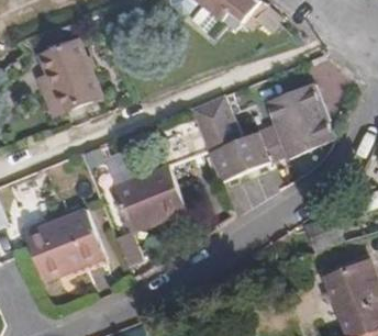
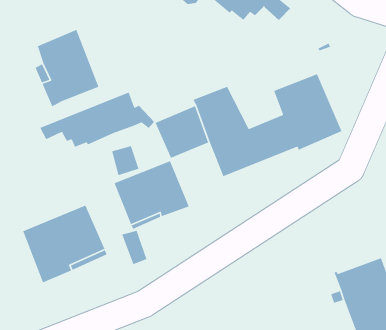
building: none -> [39,92,155,148]

